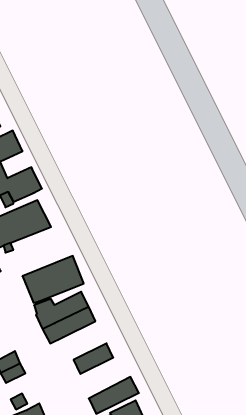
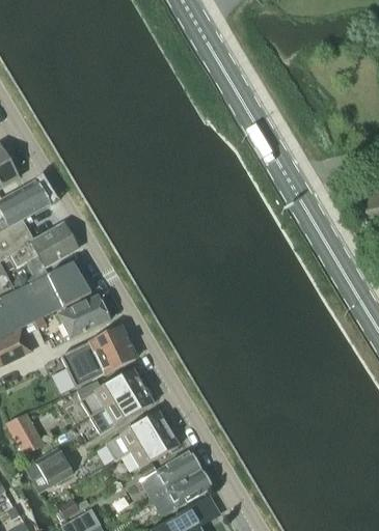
building: none -> [57,295,108,338]
building: none -> [105,411,168,459]
building: none -> [140,449,200,497]

